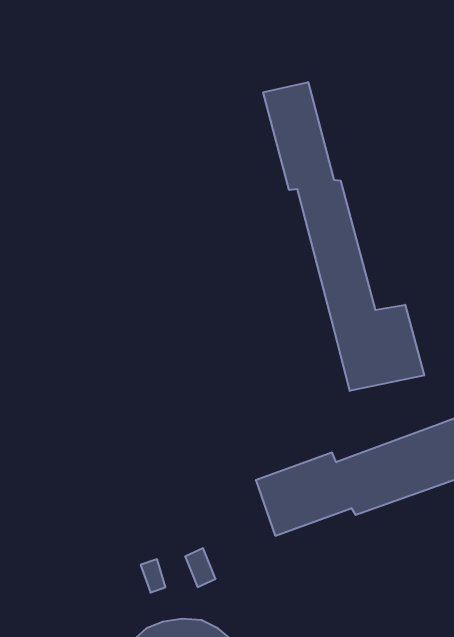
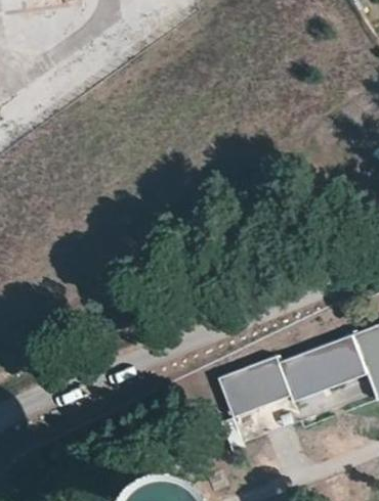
building: [263,82,424,391] -> none

